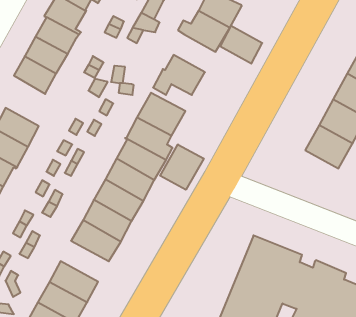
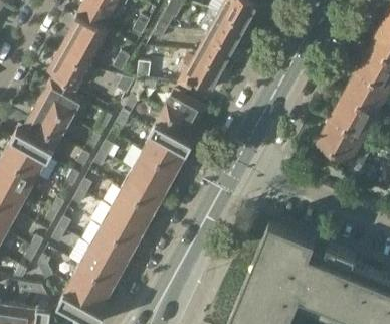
building: [220,26,262,64] -> [195,35,234,70]
building: none -> [38,80,82,121]
building: [160,144,204,190] -> none
building: none -> [89,227,135,266]

